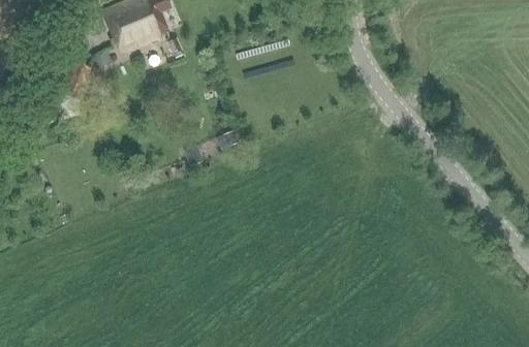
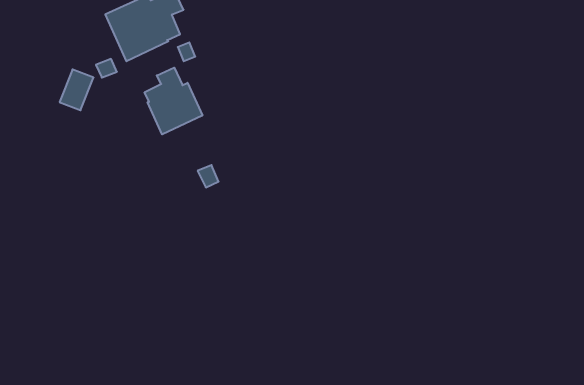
building: none -> [145,68,202,134]

